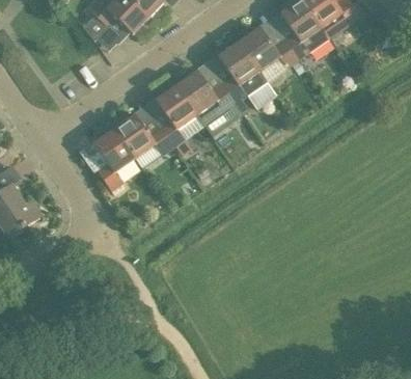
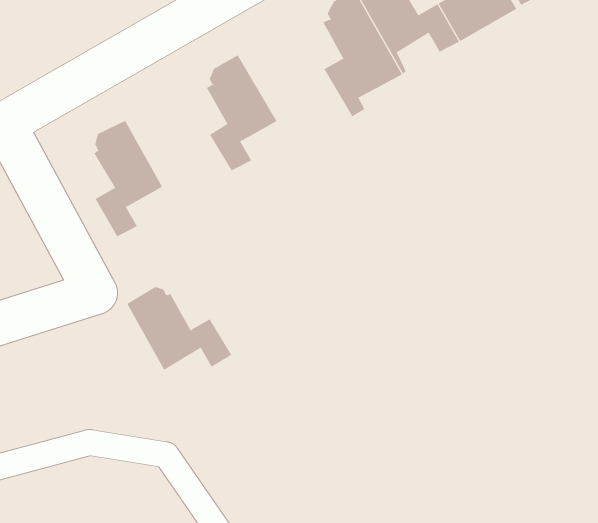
building: [172,67,241,124] -> none
building: [111,111,174,159] -> [126,287,232,370]

